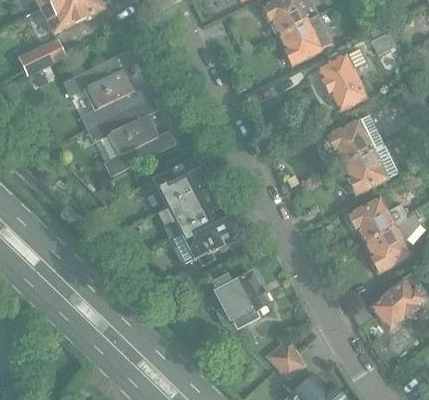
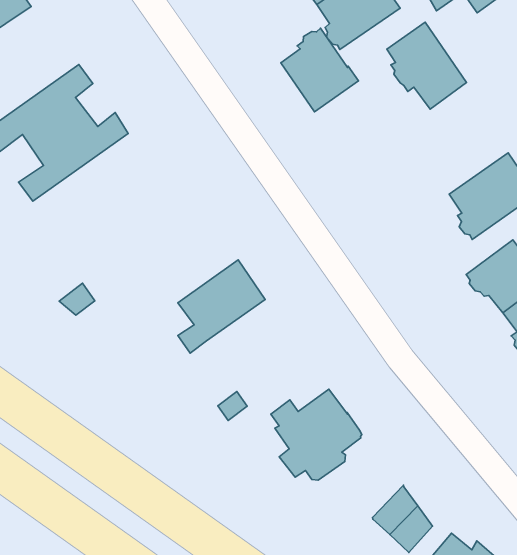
building: none -> [281,28,358,112]
building: [87,96,176,176] -> none
building: [326,114,384,163] -> none
building: [154,158,208,205] -> none
building: [181,211,235,265] -> none

